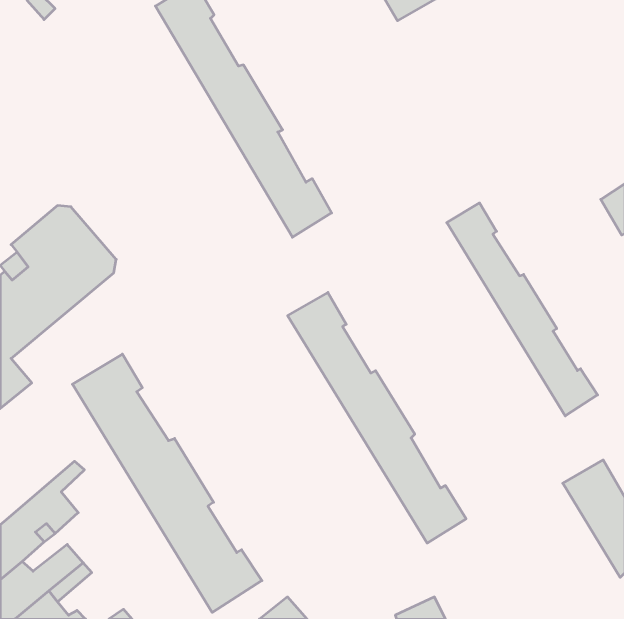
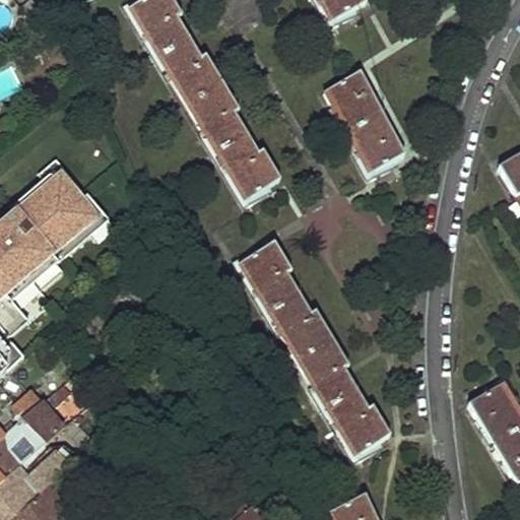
building: none -> [324,72,401,171]
building: [447,203,598,416] -> none
building: [72,354,262,612] -> none

